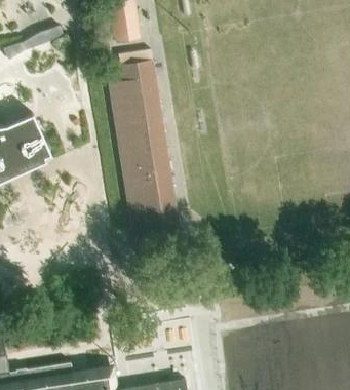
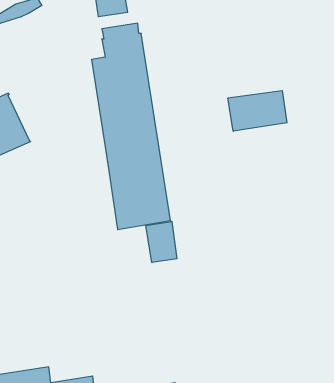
building: none -> [228,91,287,131]
building: none -> [146,221,177,263]

